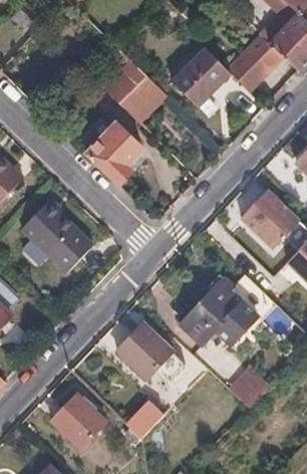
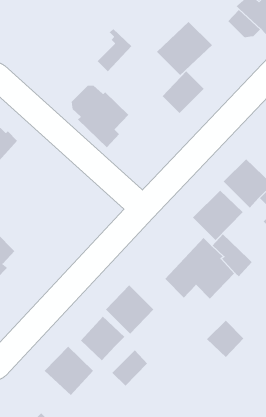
building: [229,44,274,85] -> none
building: [119,71,166,118] -> [162,70,205,114]
building: [21,199,93,268] -> none
building: none -> [192,190,244,241]
building: none -> [80,316,125,361]

